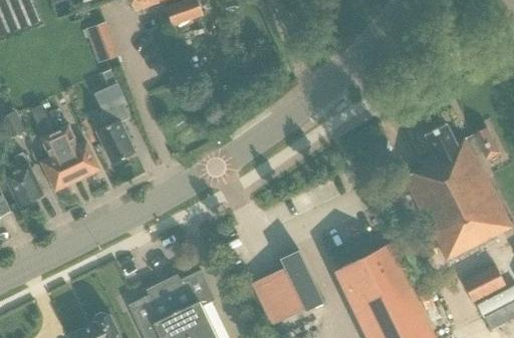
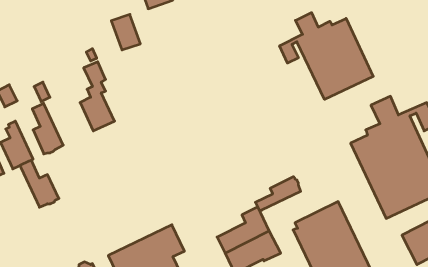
building: [84,22,117,62] -> [111,14,140,50]
building: none -> [280,13,373,99]
building: [54,125,98,179] -> [20,160,59,207]
building: none -> [255,177,301,211]

